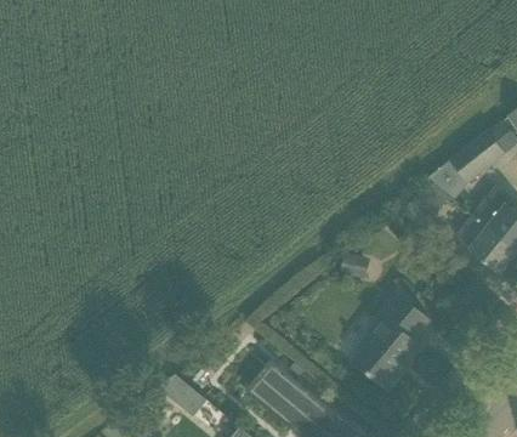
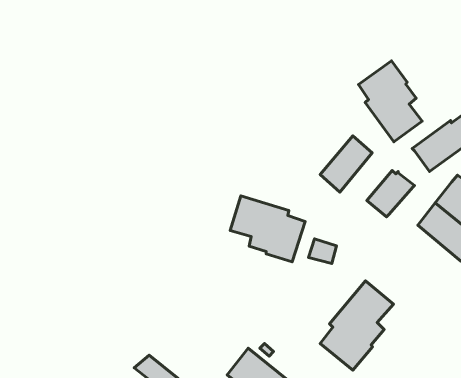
building: none -> [359,61,422,142]
building: none -> [320,136,372,192]
building: none -> [230,196,305,262]

